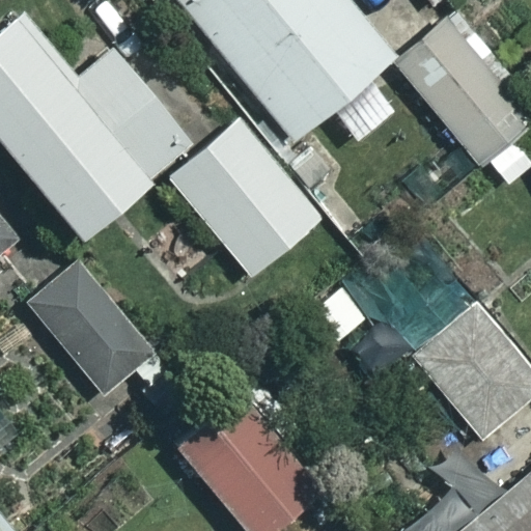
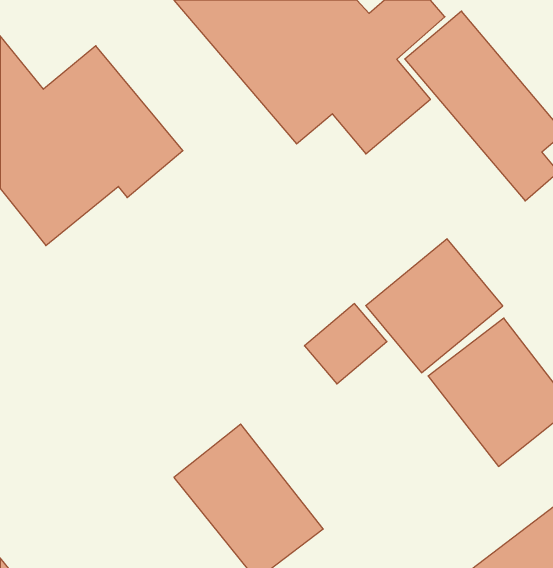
building: [167,118,323,275] -> none
building: [31,268,168,414] -> none

